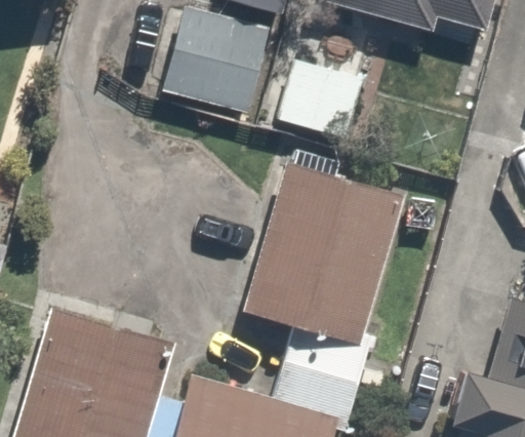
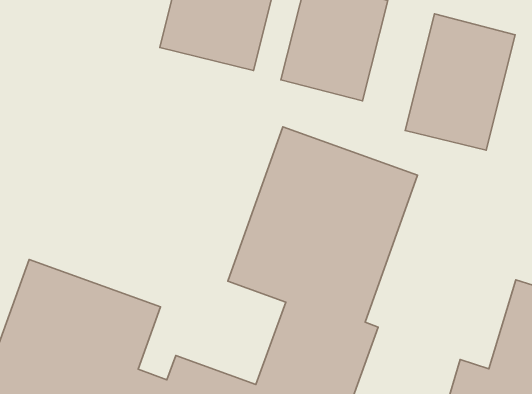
building: none -> [405,14,515,150]

